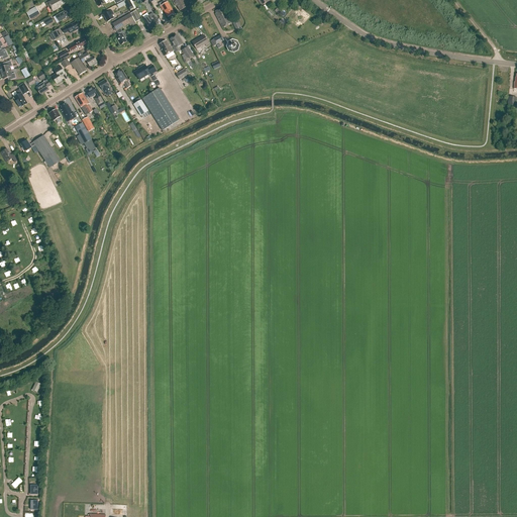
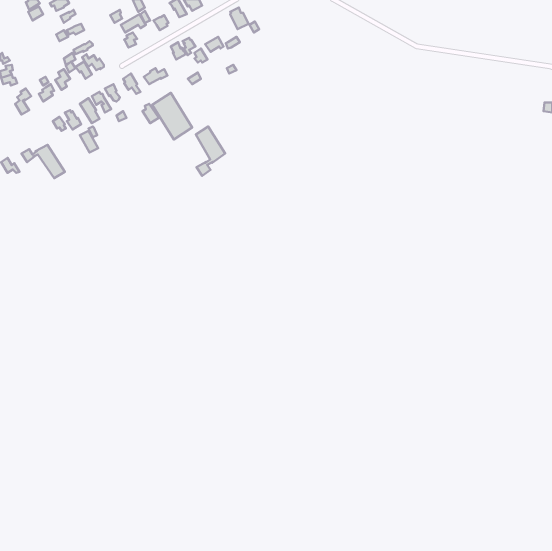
building: none -> [196,126,225,176]

